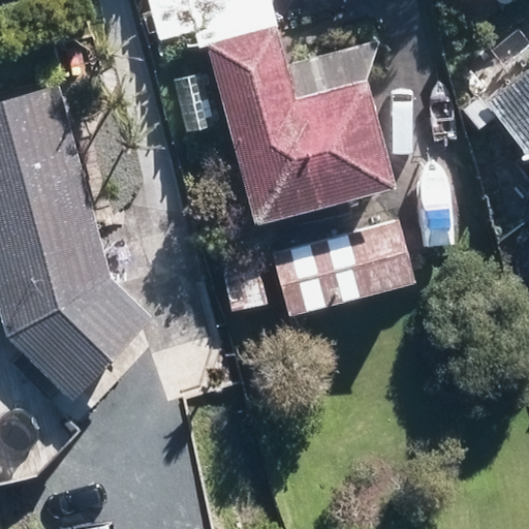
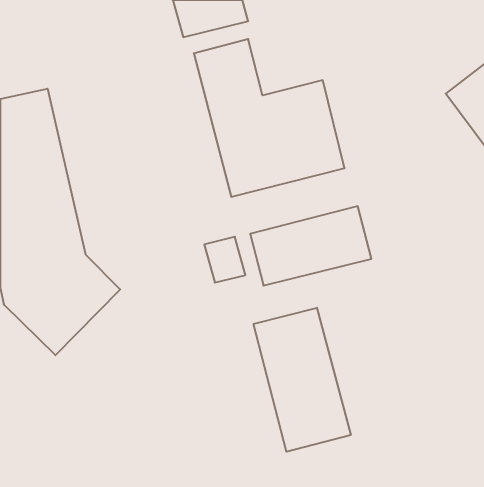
building: none -> [254,308,351,452]

